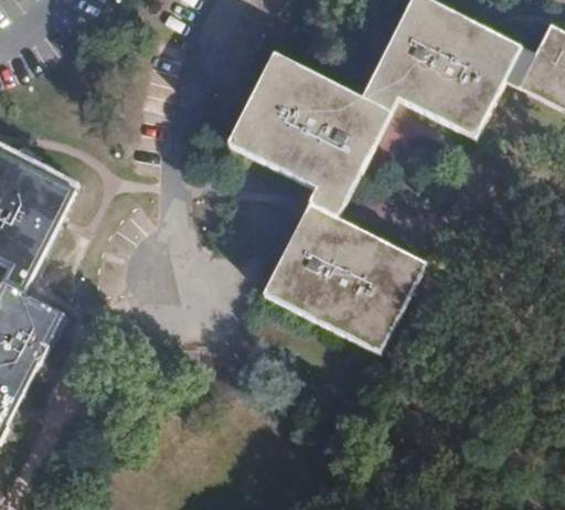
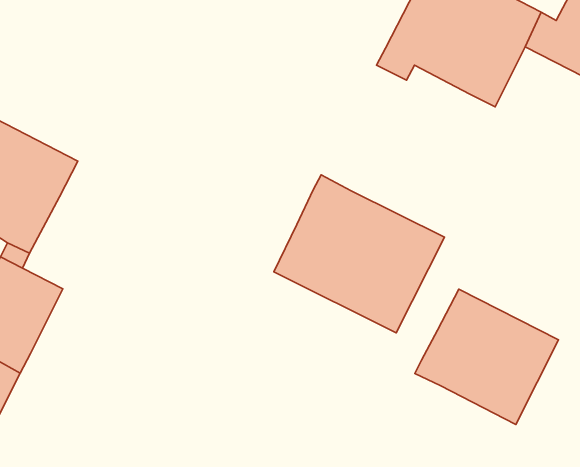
building: [227,52,391,217] -> none
building: none -> [415,289,559,425]

